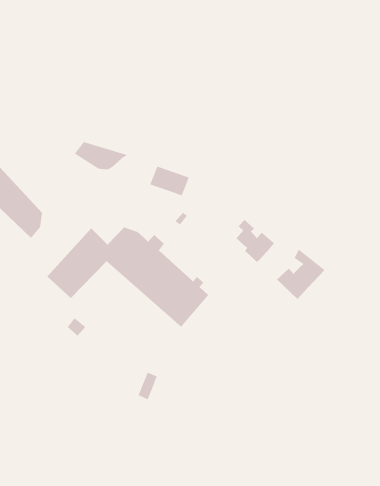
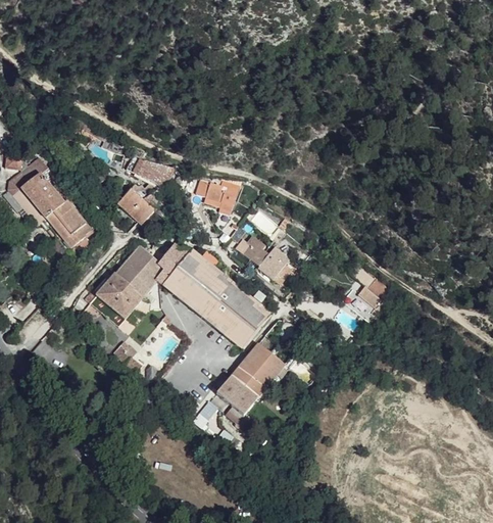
building: none -> [119,186,156,223]
building: [235,219,275,263] -> [246,233,288,280]
building: none -> [211,342,284,424]

